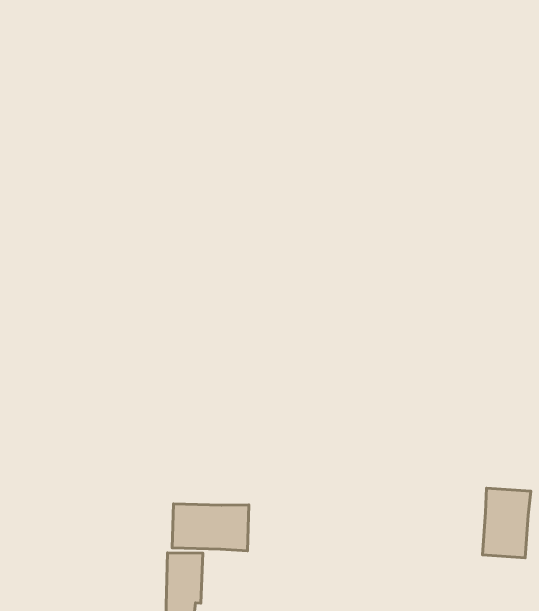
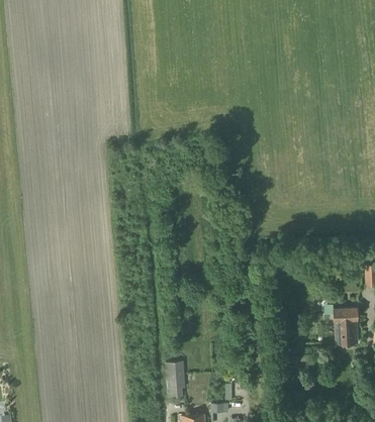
building: [172,504,249,551] -> none

